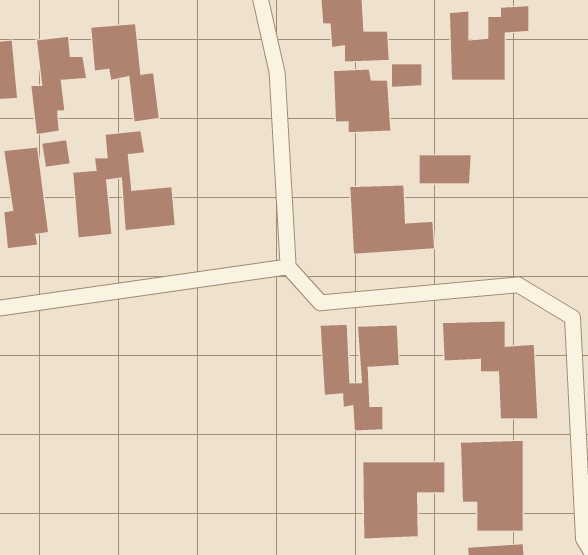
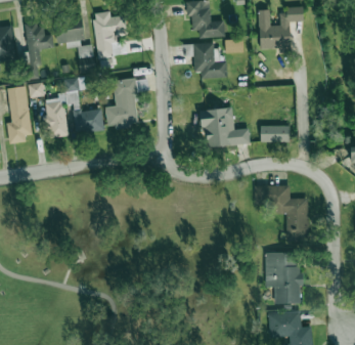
building: none -> [93,10,127,57]
building: none -> [106,78,140,129]
building: [419,155,472,184] -> [261,125,291,141]
building: [320,324,399,431] -> none
building: [363,462,445,539] -> none

